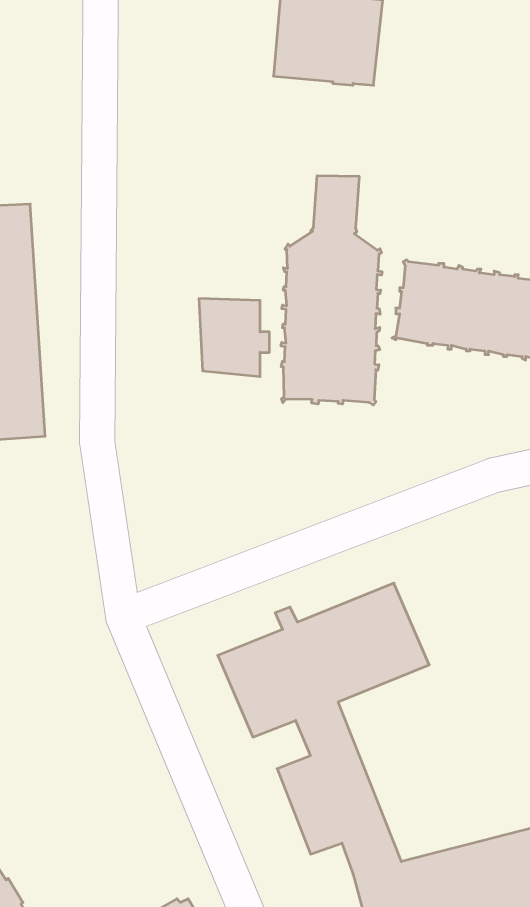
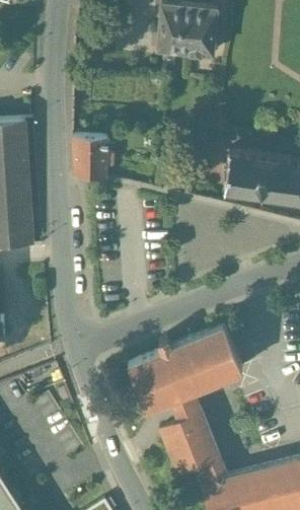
building: [281,176,382,405] -> none
building: [199,299,269,377] -> [73,136,111,178]

